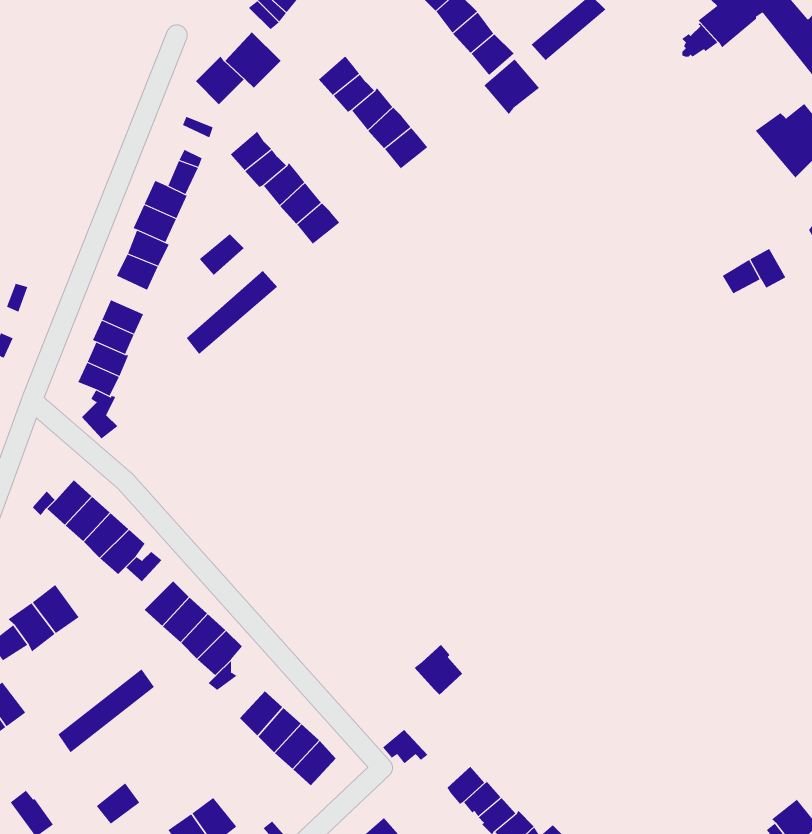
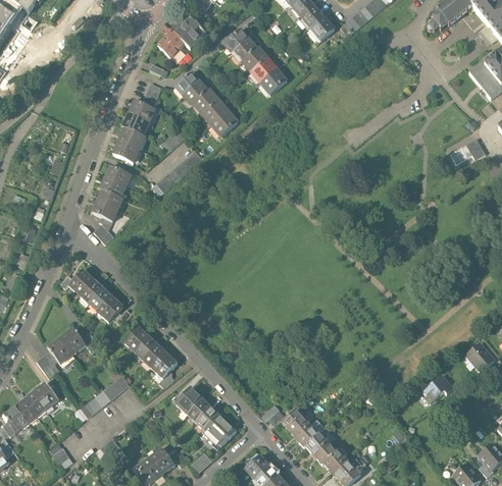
building: [483,58,540,115] -> none
building: none -> [464,343,493,371]
building: [414,644,463,695] -> [282,410,309,438]
building: none -> [421,376,452,403]

